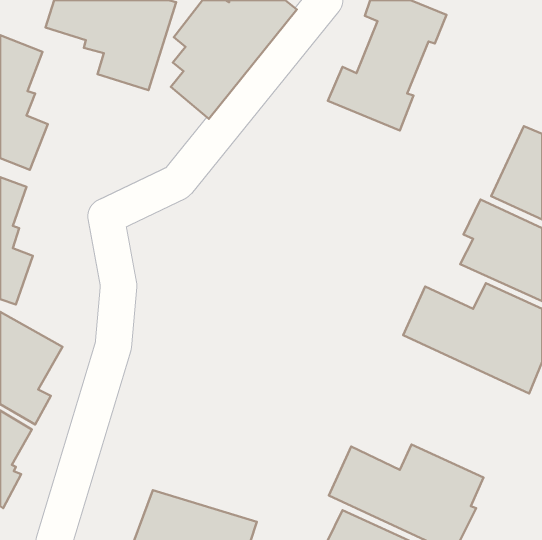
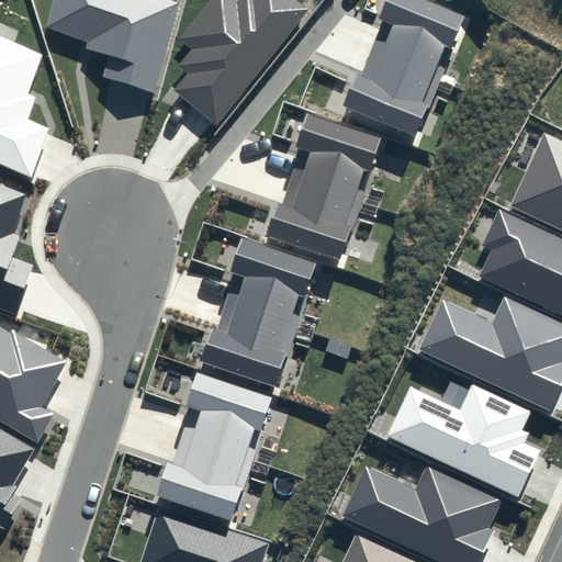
building: none -> [266,113,380,260]
building: none -> [200,240,315,387]
building: none -> [156,373,272,521]
building: none -> [386,382,539,494]

